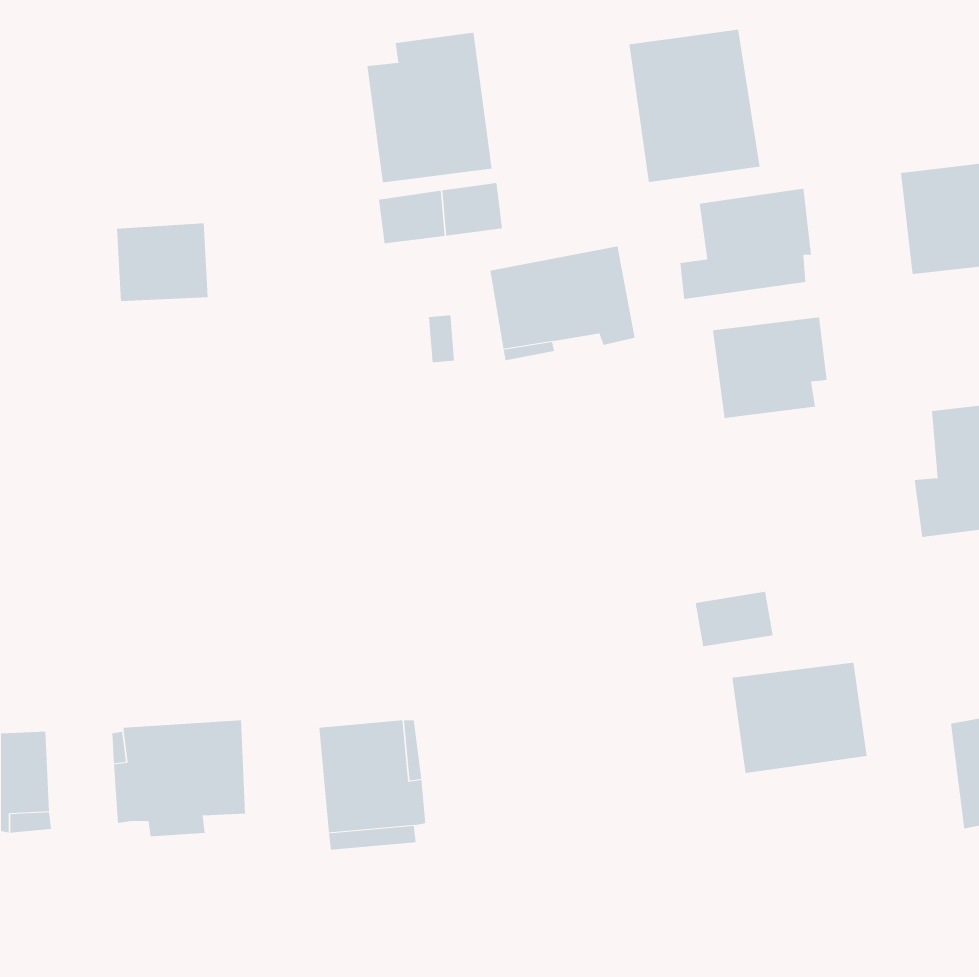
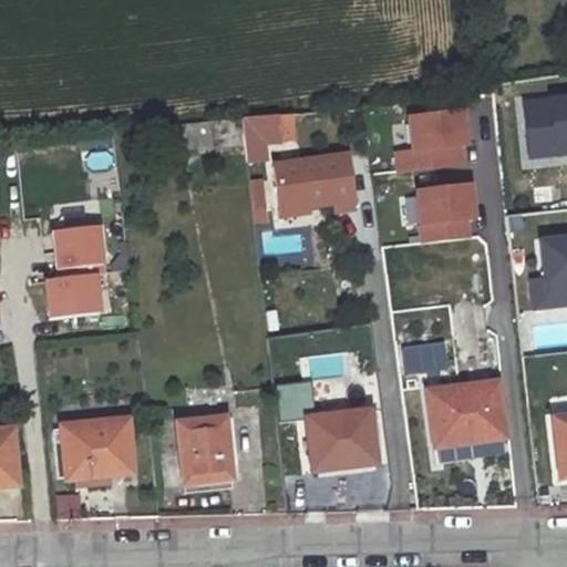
building: [629,29,760,183] -> none
building: [367,32,492,183] -> none
building: [116,223,208,301] -> [50,225,103,270]
building: none -> [41,274,100,318]
building: none -> [275,381,379,474]

